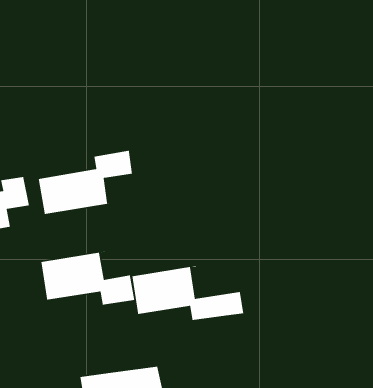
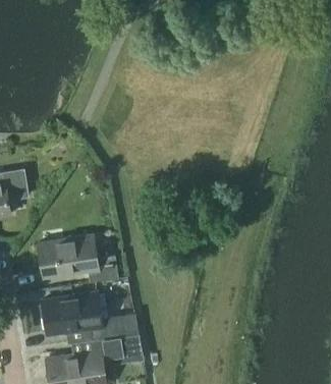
building: [38,150,133,215] -> none
building: [132,265,244,321] -> [41,292,137,340]

